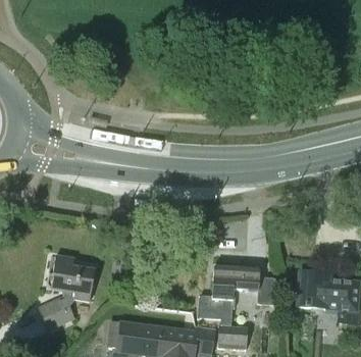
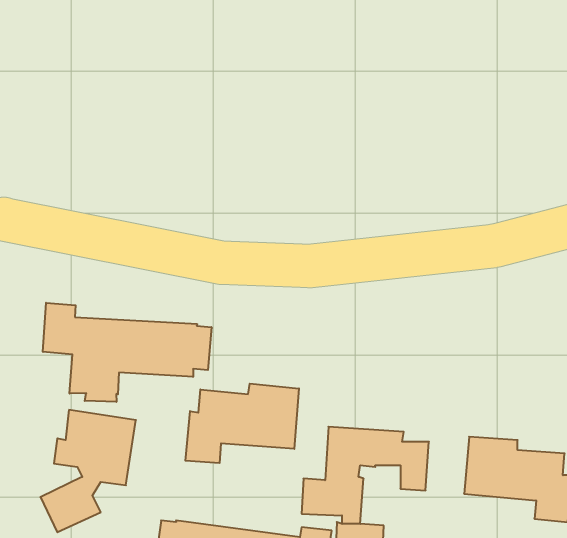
building: none -> [43,303,211,402]
building: none -> [185,384,299,463]

